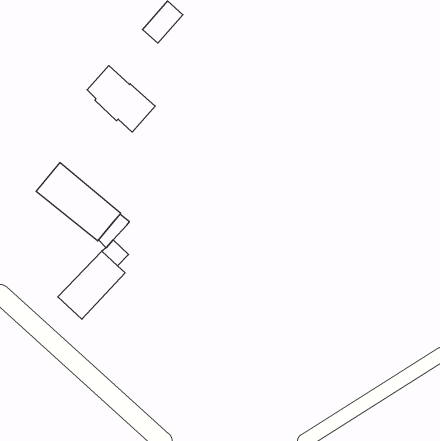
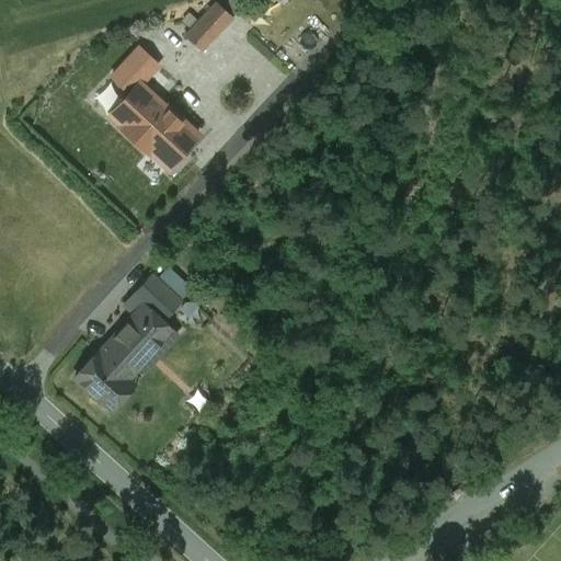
building: none -> [108,45,162,92]
building: [36,163,121,241] -> none
building: none -> [145,286,182,323]

